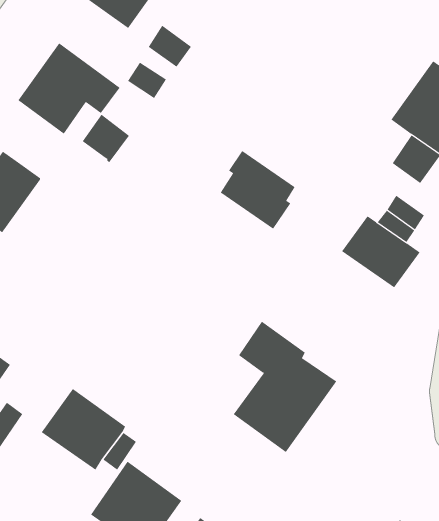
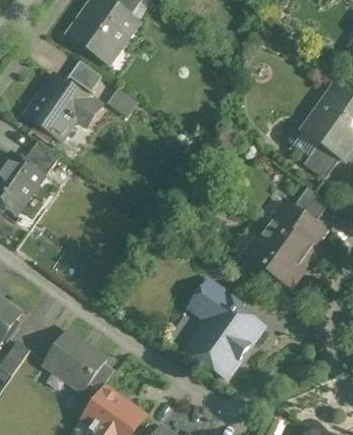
building: [148,25,192,67] -> [68,60,101,92]
building: [82,114,130,163] -> [23,141,59,177]
building: [220,150,295,230] -> [249,228,305,287]

